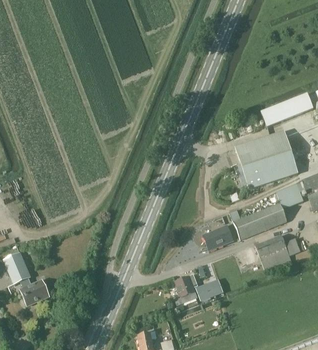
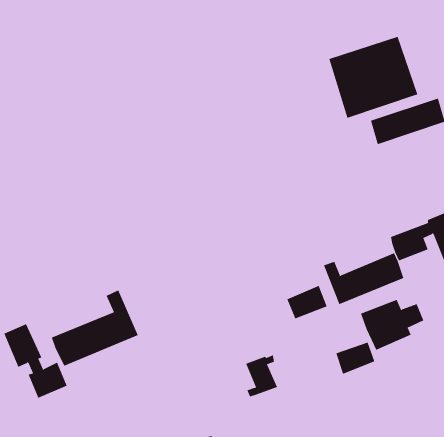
building: [235,131,298,189] -> [329,36,418,118]
building: none -> [51,290,139,367]
building: [195,278,223,301] -> [335,342,375,374]

